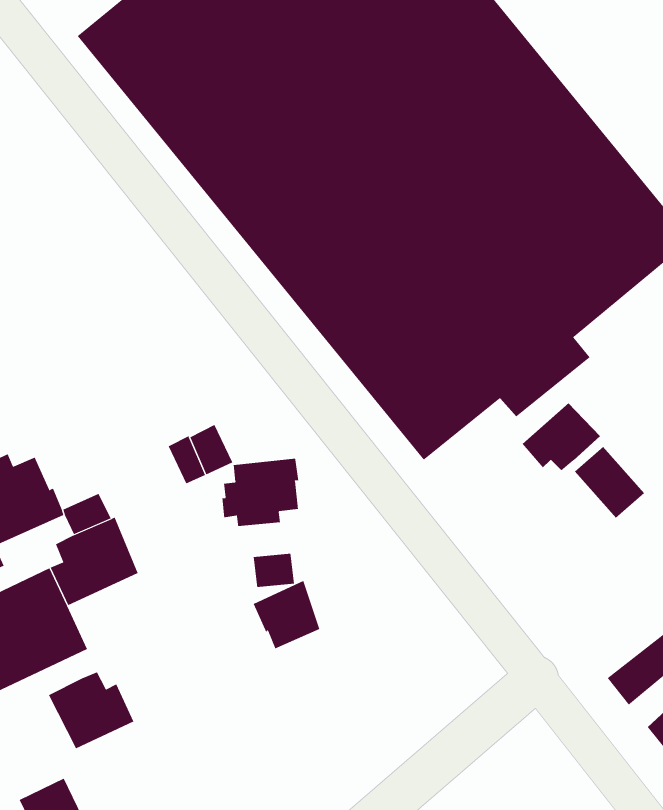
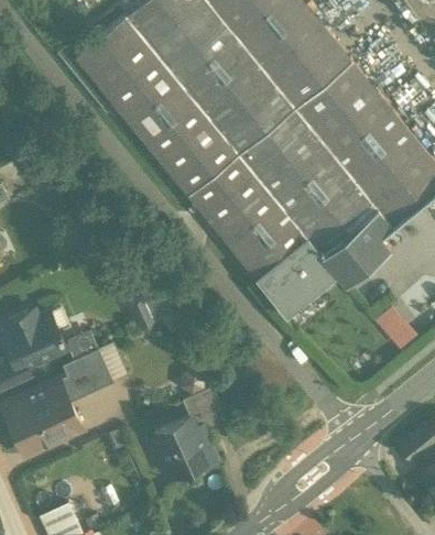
building: [522,402,601,471] -> none
building: [222,458,299,527] -> none
building: none -> [153,417,209,476]
building: [48,671,134,749] -> none

